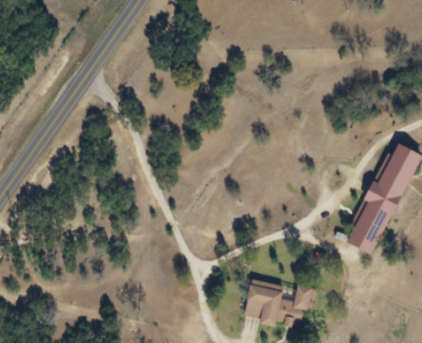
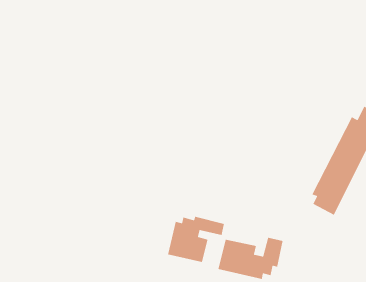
building: none -> [167,216,225,263]

